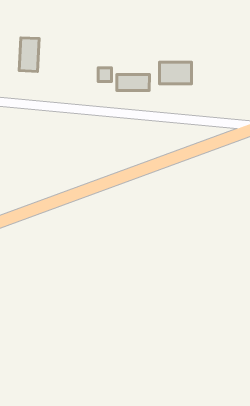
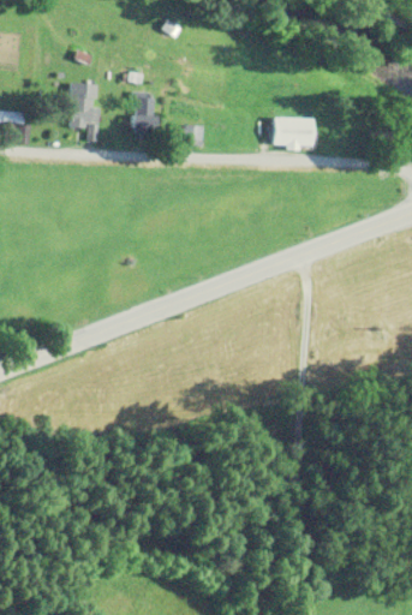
building: none -> [136,94,156,126]
building: [117,74,149,90] -> none

